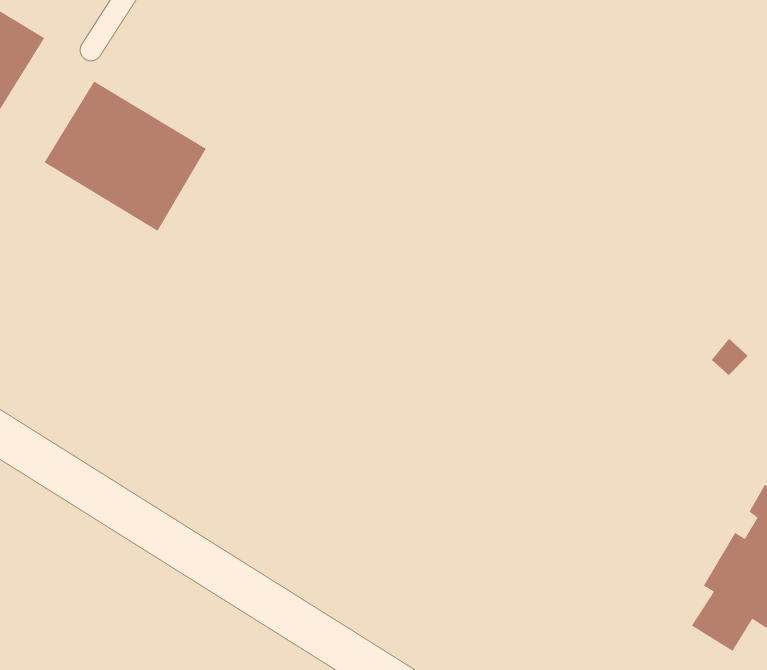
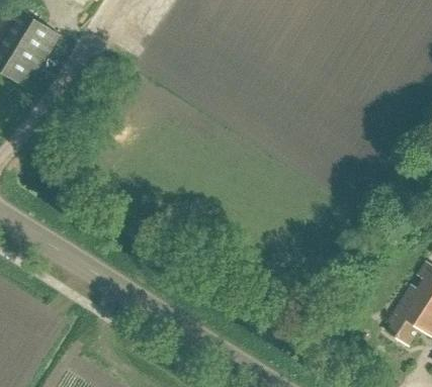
building: [44,81,207,232] -> none

